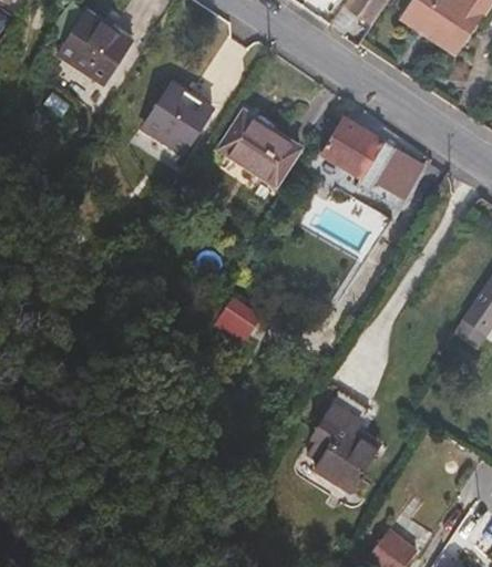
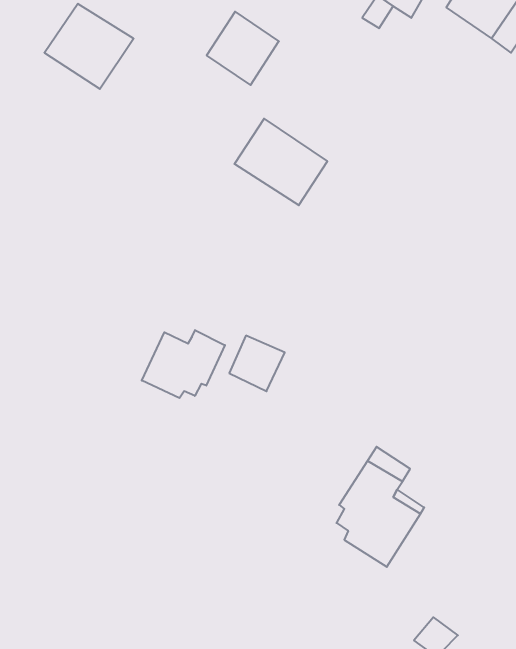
building: [147,85,209,148] -> [207,12,279,85]
building: [321,117,429,214] -> none
building: none -> [142,330,225,398]

